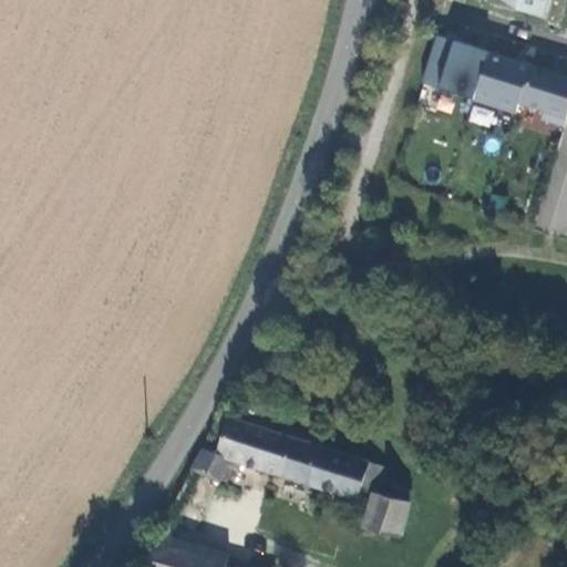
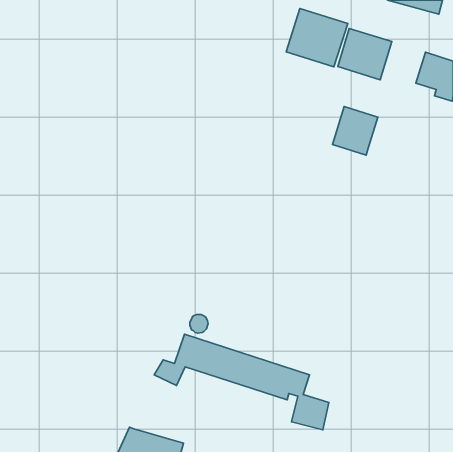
building: none -> [286,8,348,67]
building: [475,53,532,114] -> [333,106,378,155]

